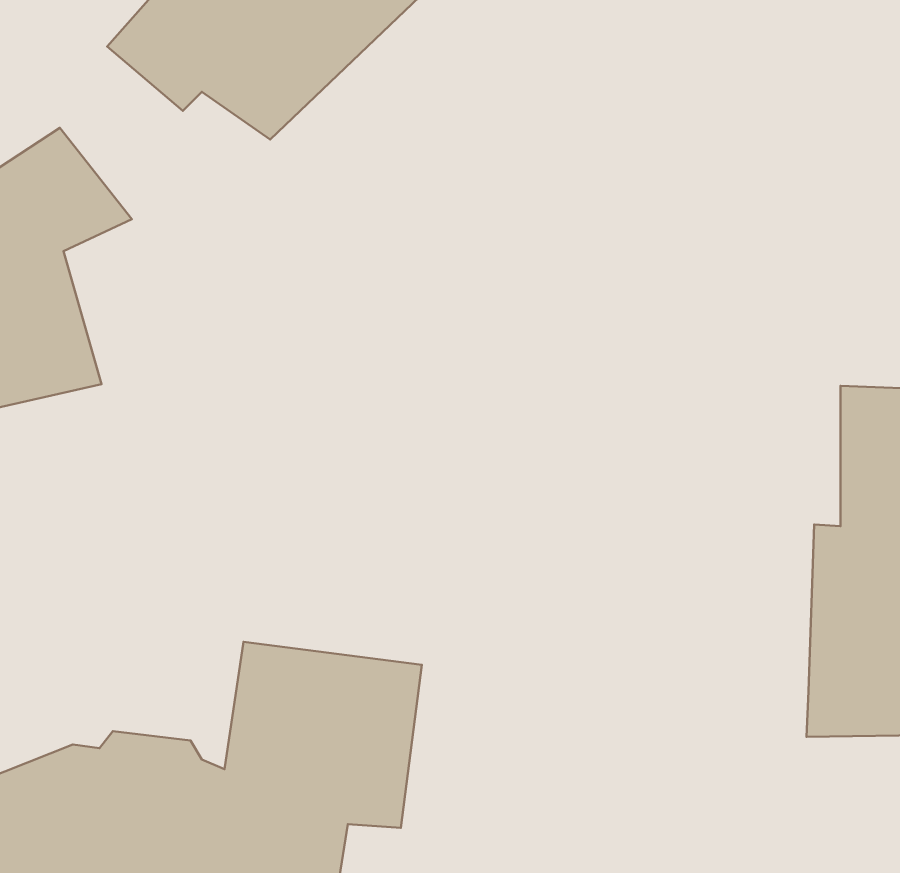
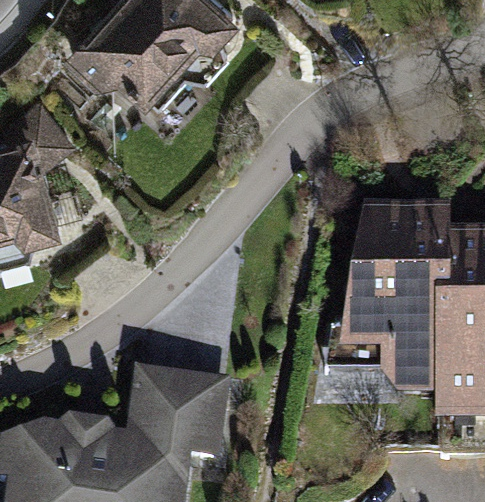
building: none -> [335,211,453,396]

